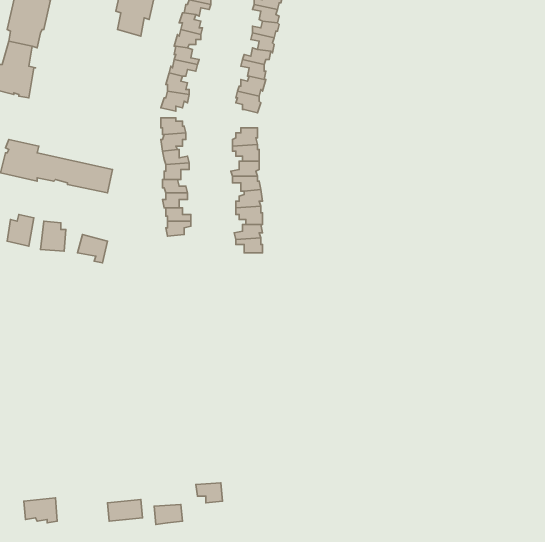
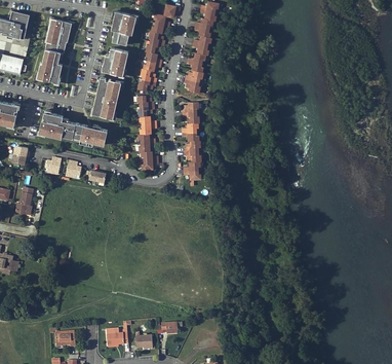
building: none -> [102,48,127,76]
building: none -> [91,77,121,118]

